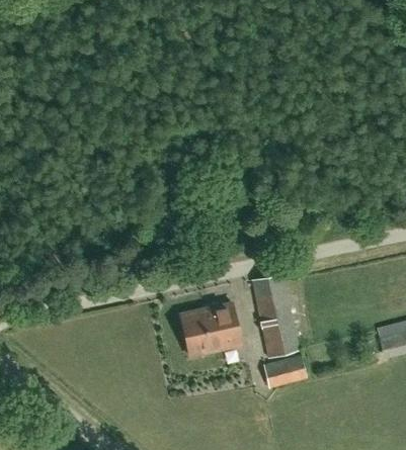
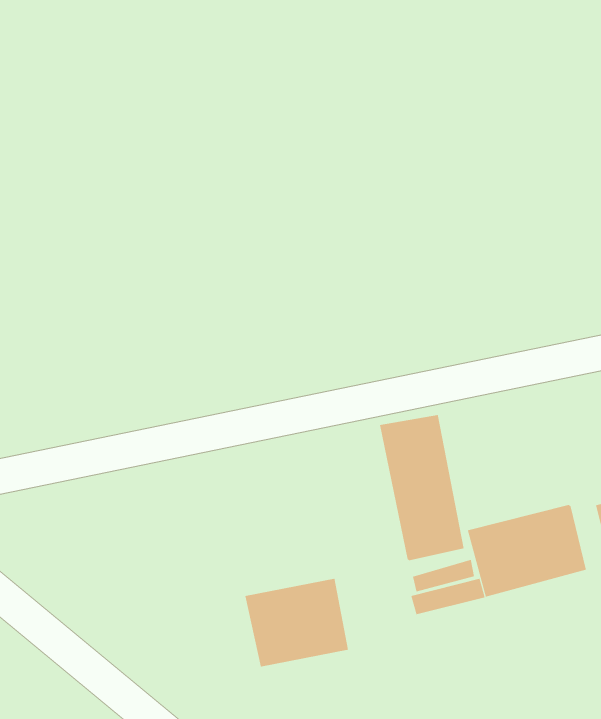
building: [180,302,241,354] -> [244,578,349,667]
building: none -> [467,504,587,598]

